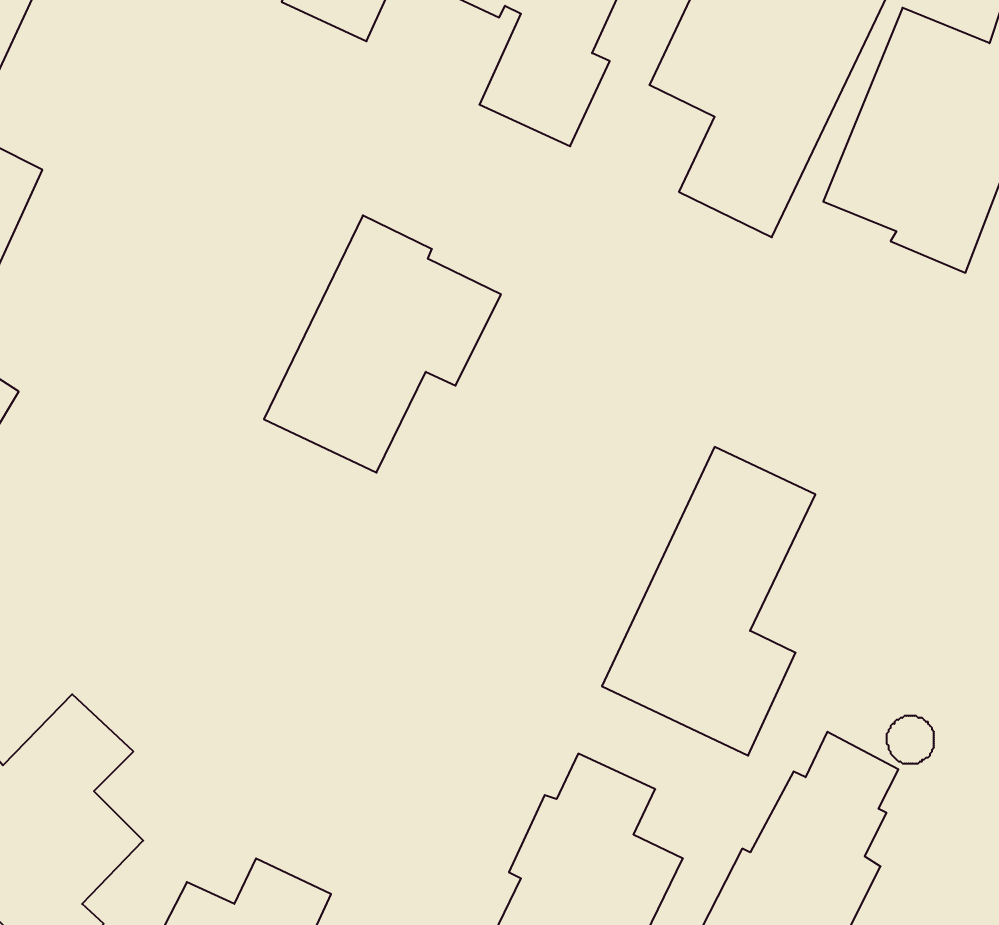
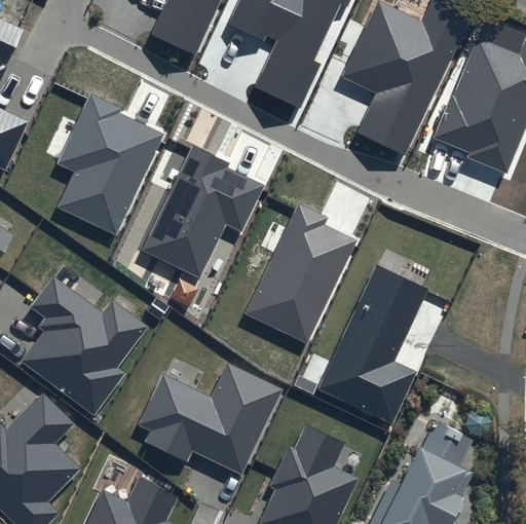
building: none -> [58,93,164,235]
building: none -> [245,203,355,343]
building: none -> [22,278,148,416]
building: none -> [138,363,284,475]

